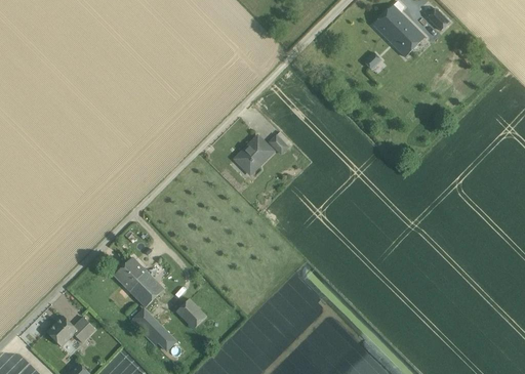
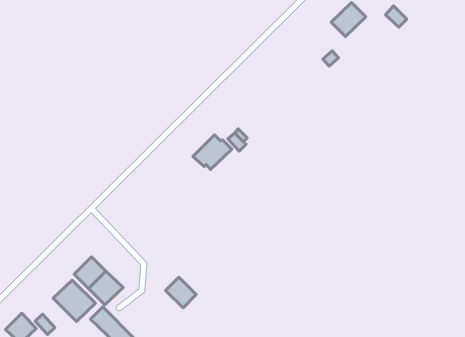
building: [387,19,425,57] -> none
building: none -> [53,280,95,321]
building: [175,298,206,329] -> [166,277,196,308]

